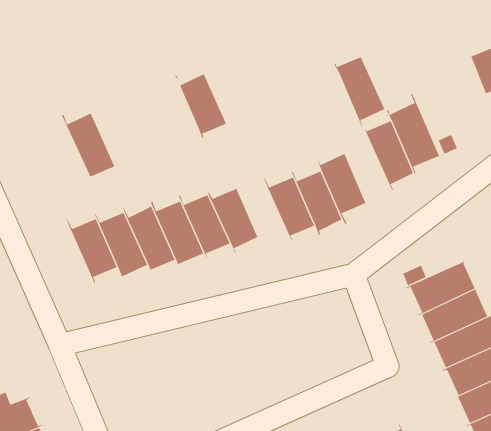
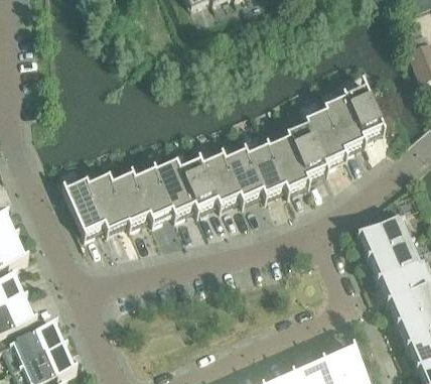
building: [334,57,385,127] -> [303,113,344,169]
building: [174,74,227,139] -> [219,149,261,202]
building: [61,113,115,178] -> [60,182,104,235]

